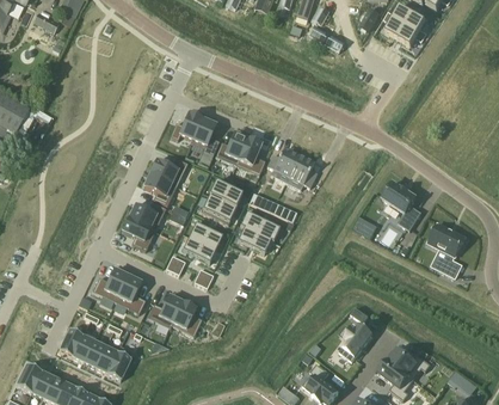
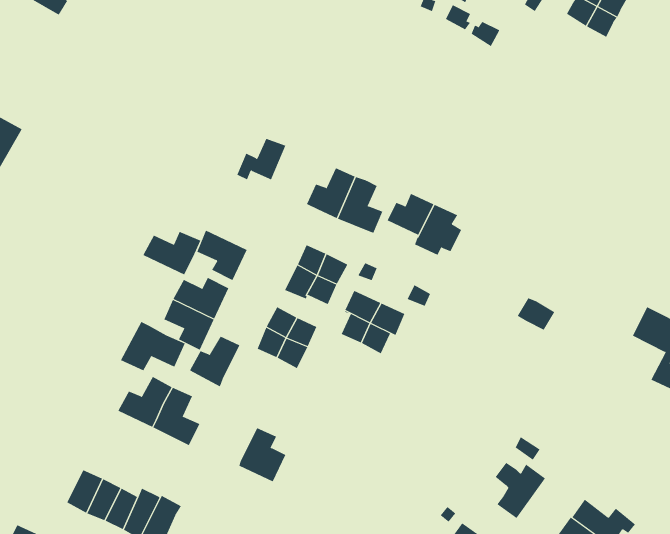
building: [191,117,218,155] -> none
building: [149,157,187,185] -> [142,231,201,275]
building: [382,182,421,229] -> none
building: none -> [120,321,186,371]
building: [149,295,183,329] -> [189,336,240,387]

